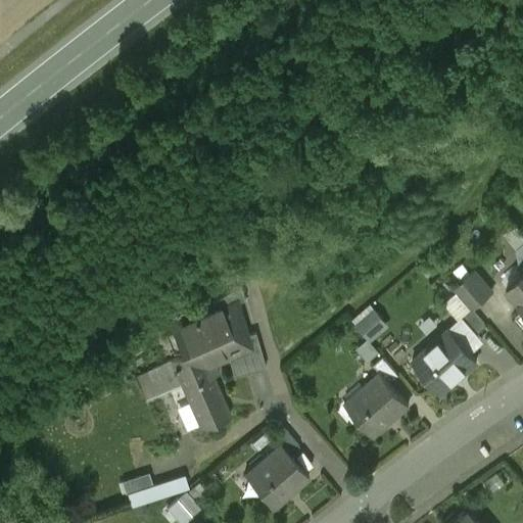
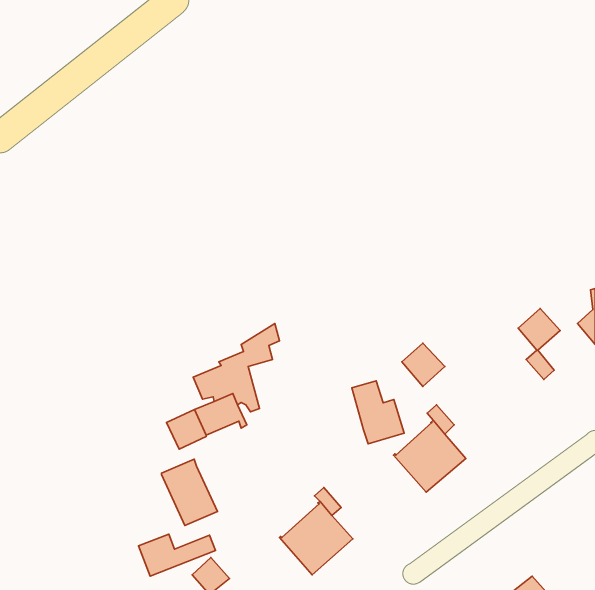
building: [218,320,264,375] -> [352,381,404,444]
building: [412,331,476,395] -> none
building: [181,374,230,432] -> [162,459,217,526]

